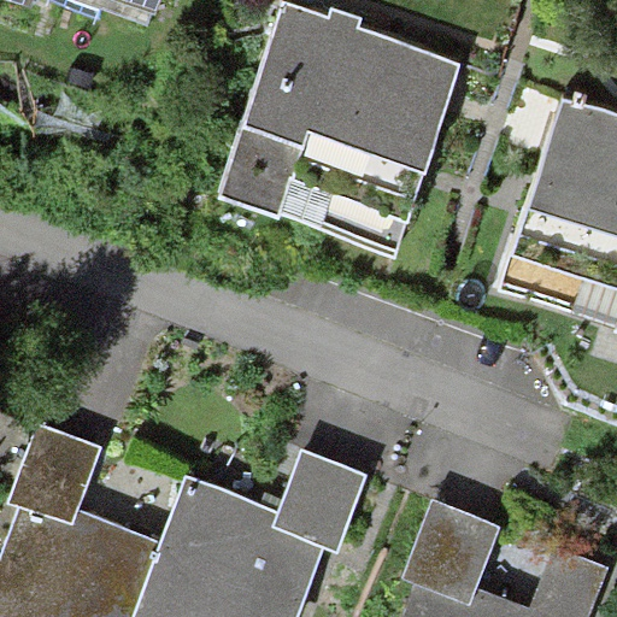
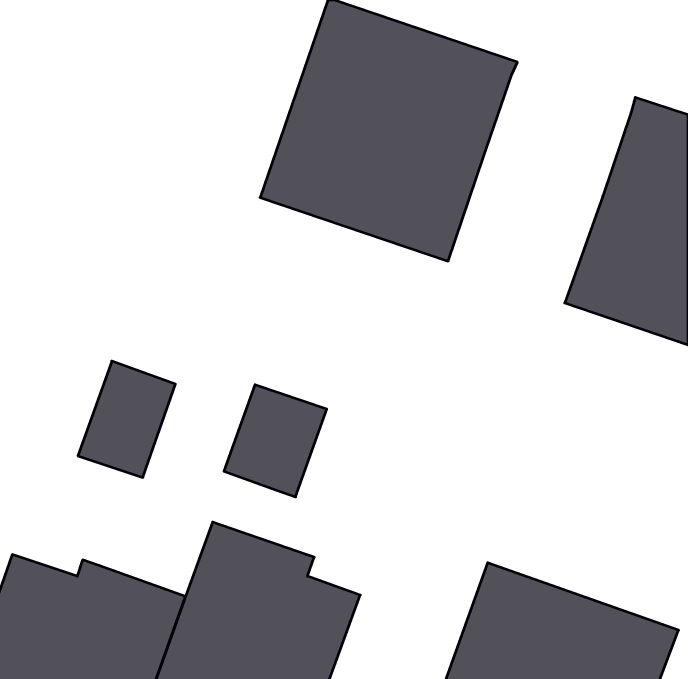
building: [11,421,98,524] -> [78,361,175,477]
building: [274,447,365,547] -> [224,385,327,497]

